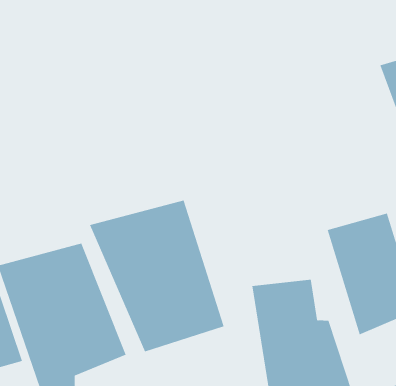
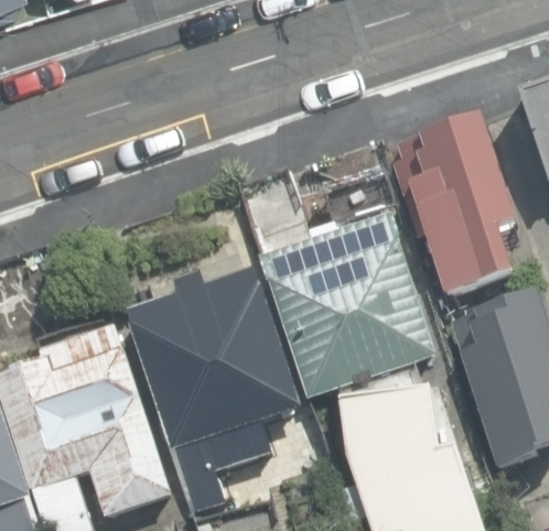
building: none -> [388,120,528,302]
building: none -> [270,218,429,390]

